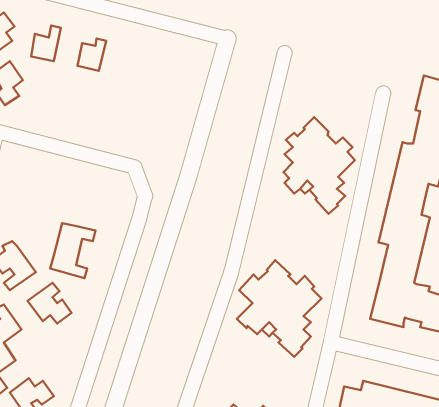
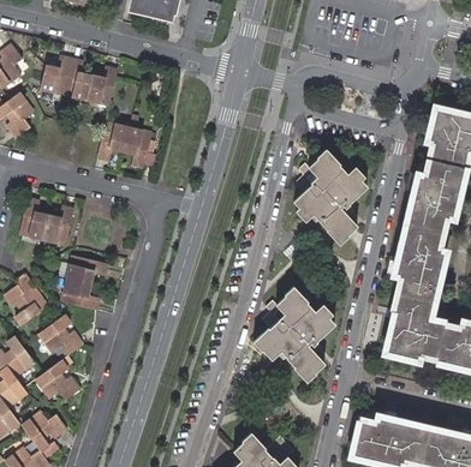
building: none -> [65,59,94,97]
building: none -> [97,124,153,169]
building: none -> [18,198,73,244]
building: none -> [35,361,79,402]

